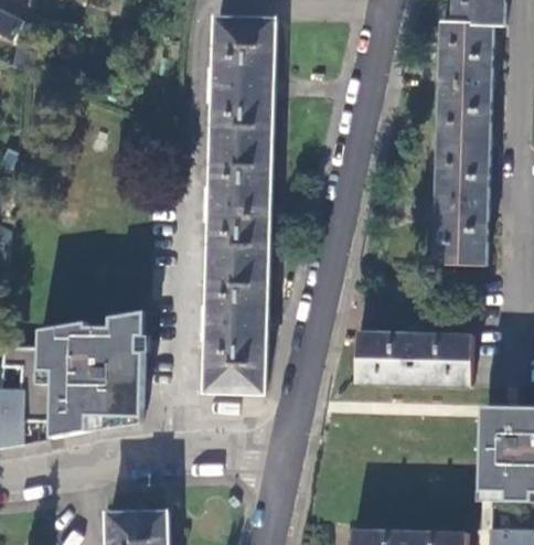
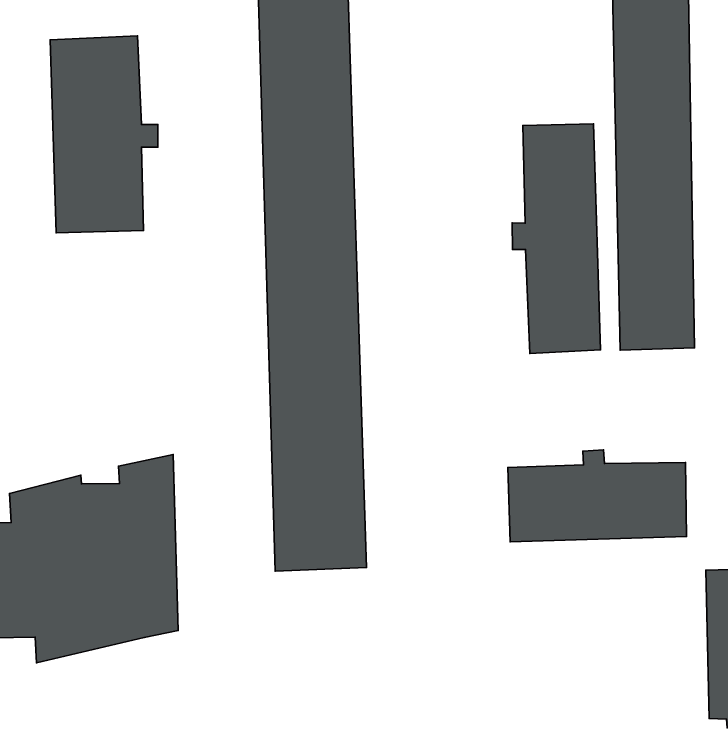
building: none -> [50,36,158,233]
building: none -> [512,124,601,354]

